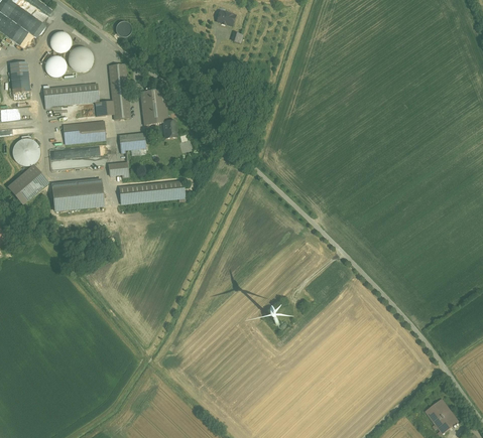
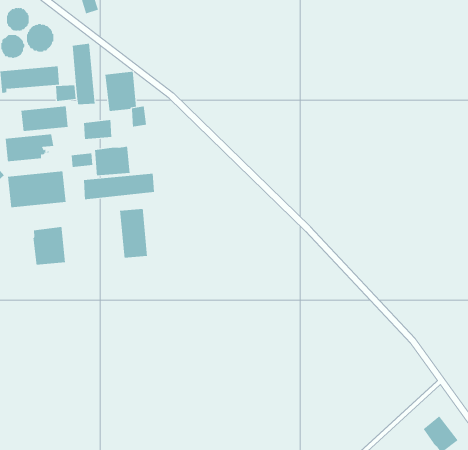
building: none -> [95,146,130,176]
building: none -> [119,208,148,258]
building: none -> [33,226,65,266]

